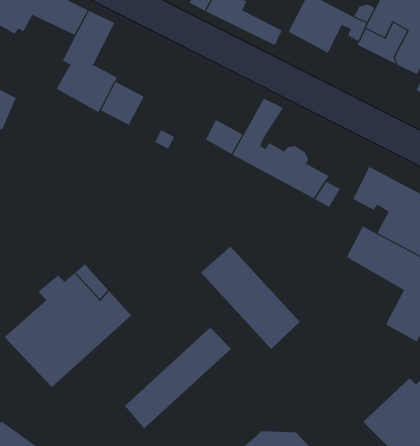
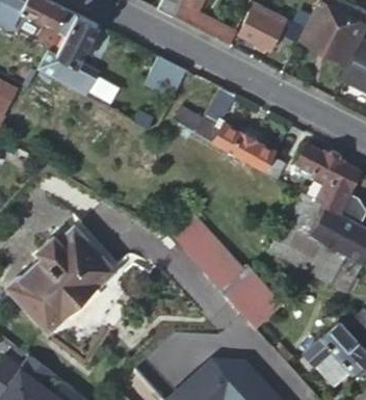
building: none -> [143,57,187,101]
building: none -> [271,219,334,274]
building: none -> [226,270,284,330]
building: [124,327,232,429] -> none

